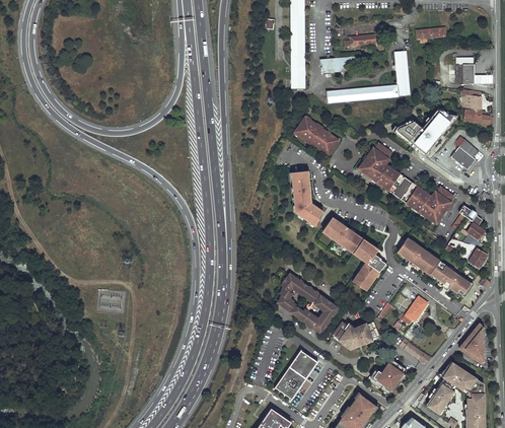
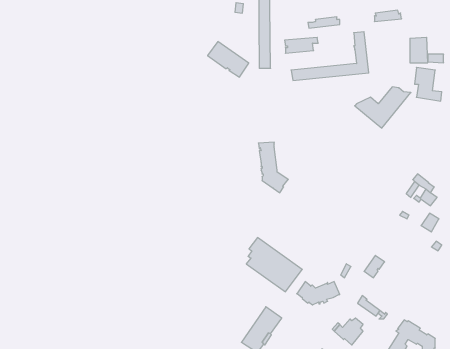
building: [294,117,339,155] -> [208,42,249,77]
building: [450,140,478,169] -> none
building: [357,143,452,224] -> none
building: [322,217,385,290] -> none
building: [398,238,472,297] -> none
building: [458,323,482,363] -> none

